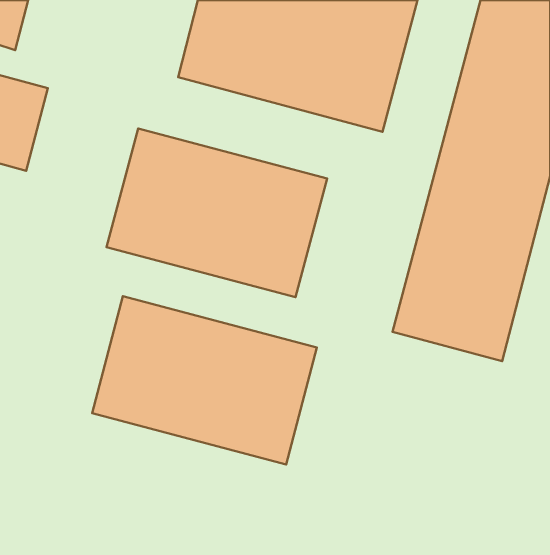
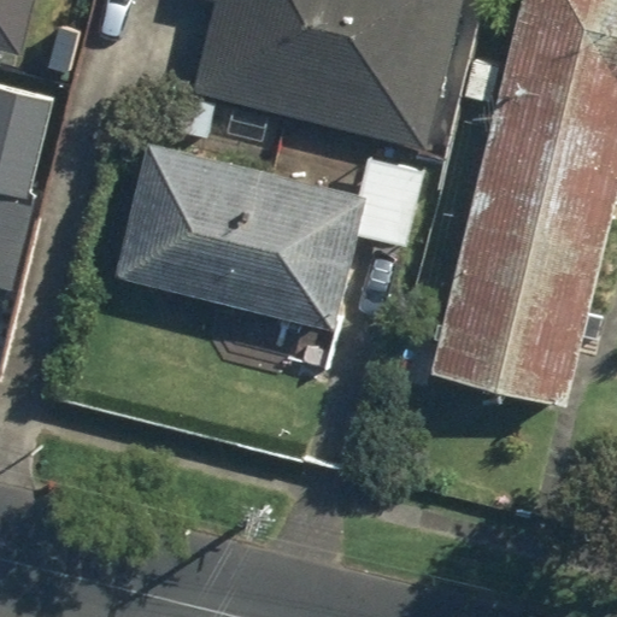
building: [92,296,317,465] -> none

